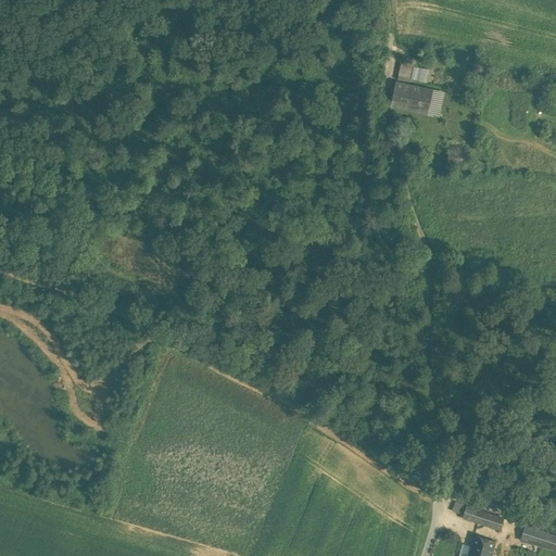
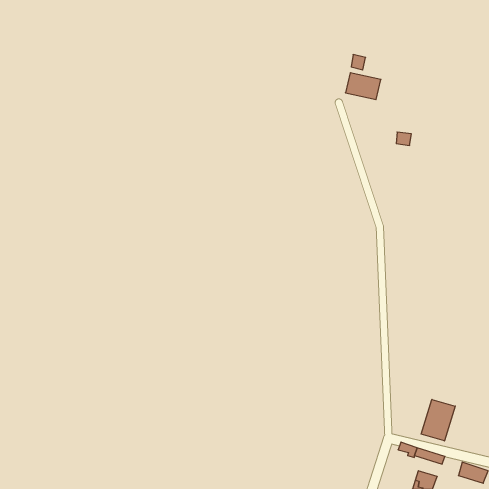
building: none -> [421,399,455,441]

